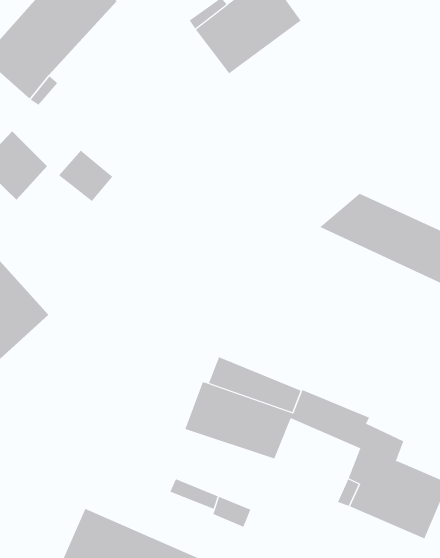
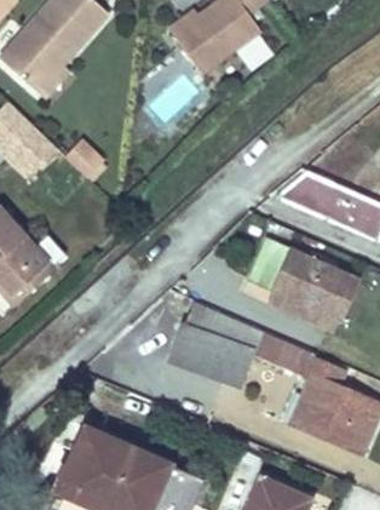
building: none -> [249,240,356,317]

